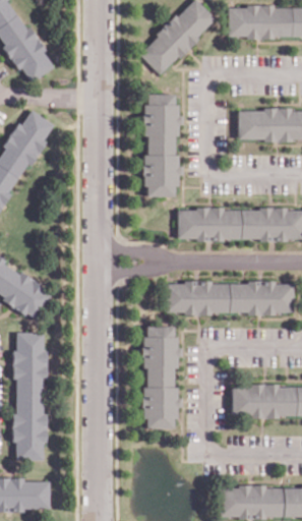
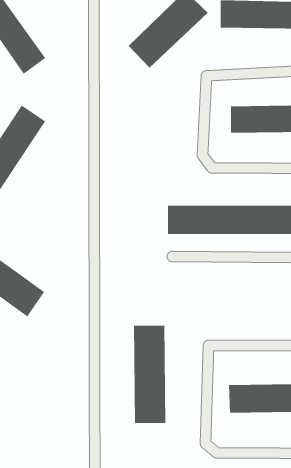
building: [140,97,174,198] -> none
building: [164,287,290,313] -> none
building: [15,335,46,463] -> none

